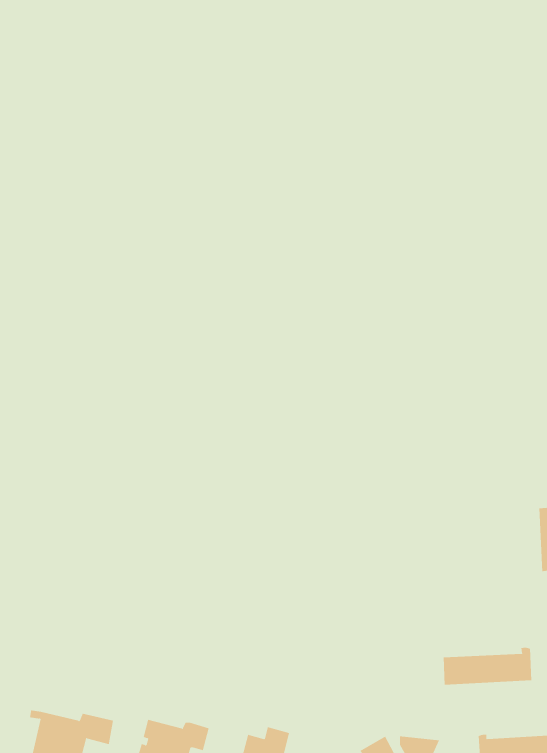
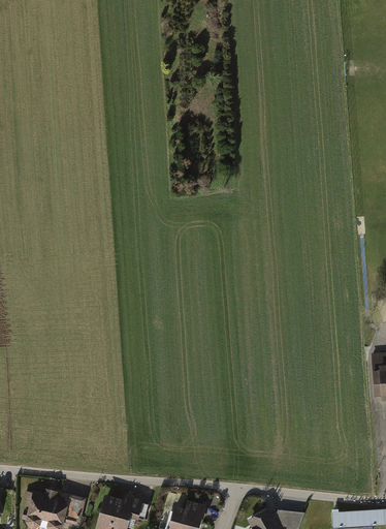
building: [443,647,532,686] -> none

